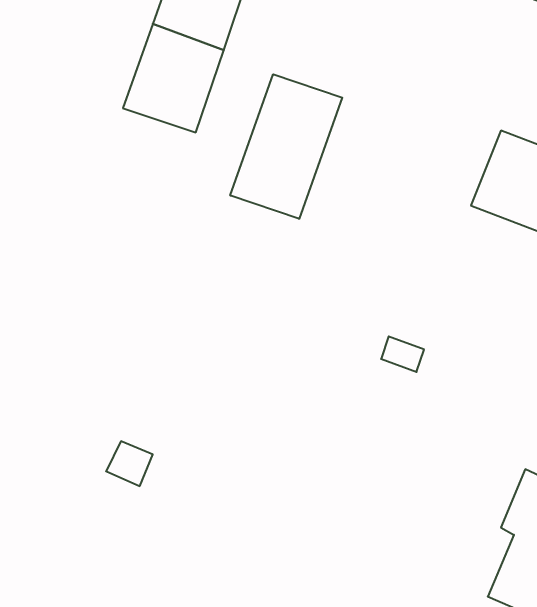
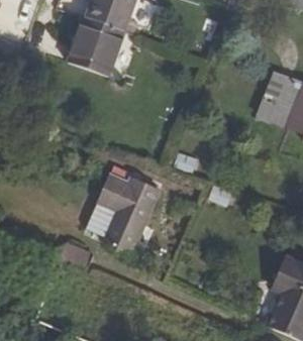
building: [230,74,342,219] -> none
building: none -> [96,173,159,255]

